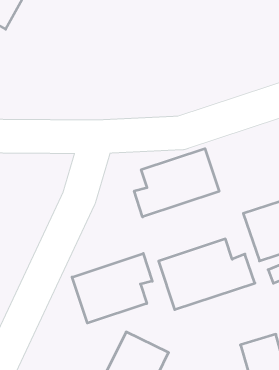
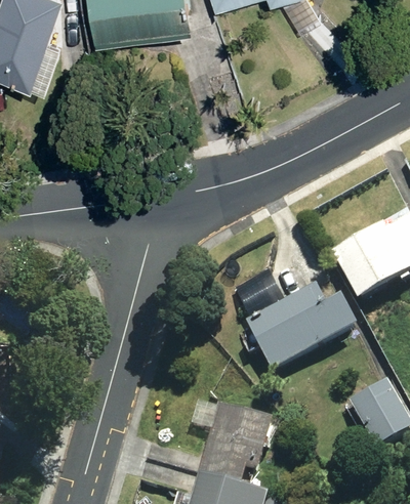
building: [134,149,219,217] -> none
building: [72,253,152,323] -> none

